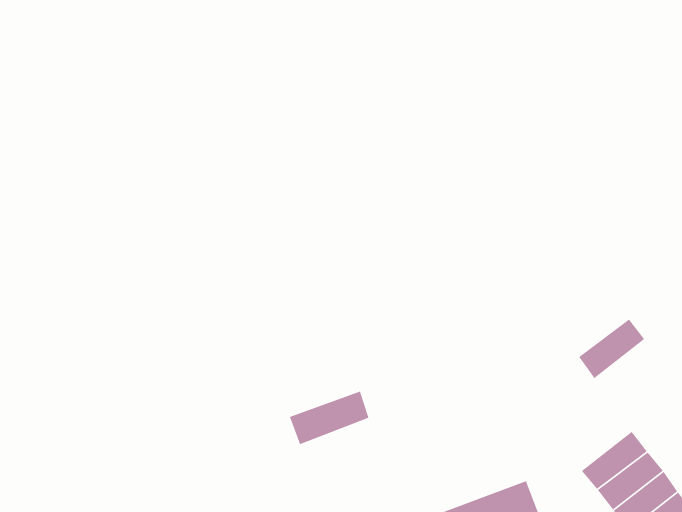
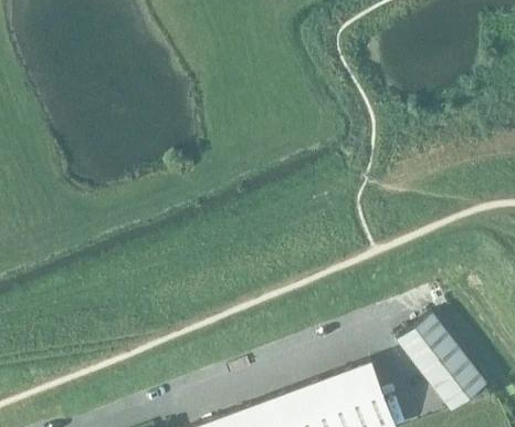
building: [578,318,645,379] -> [396,313,442,355]
building: [289,390,370,445] -> none

